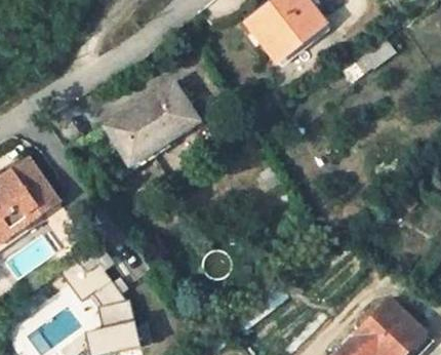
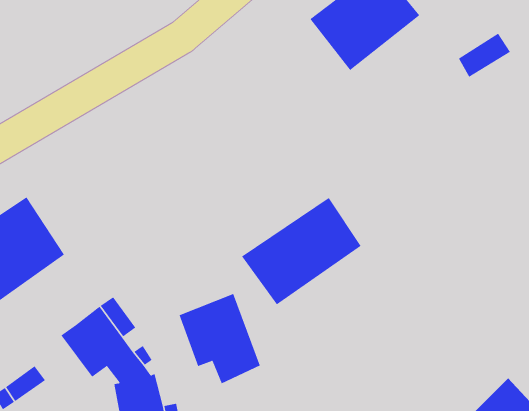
building: [105,84,196,166] -> [241,197,362,305]
building: none -> [179,293,260,384]

